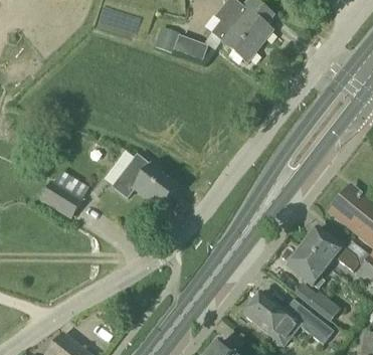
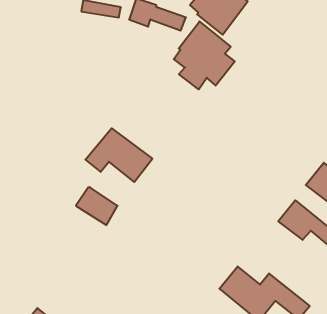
building: none -> [174,21,235,89]
building: [40,181,81,218] -> [76,187,118,225]
building: [288,246,326,288] -> none
building: [294,285,339,320] -> none

